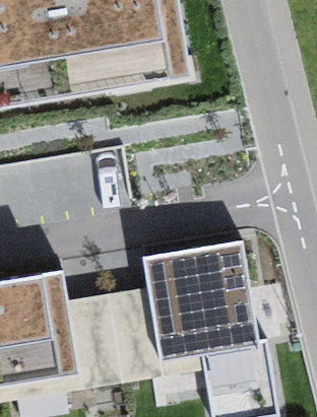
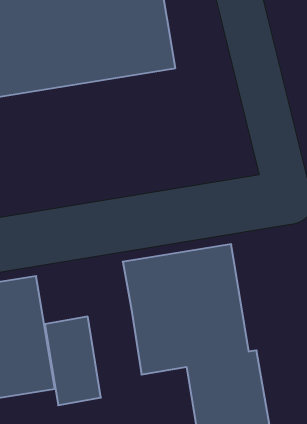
building: [108,301,161,383] -> none

